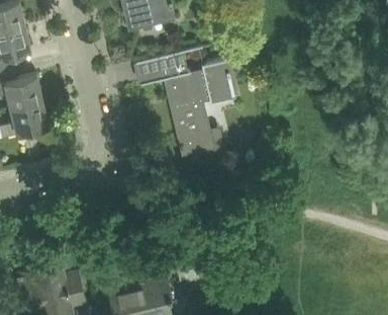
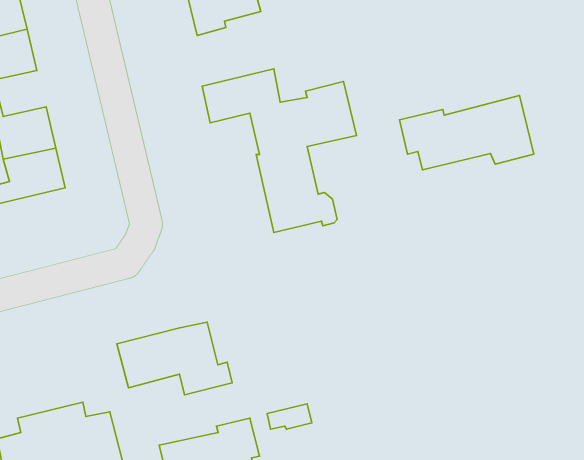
building: none -> [400,96,534,170]
building: none -> [117,322,232,395]

